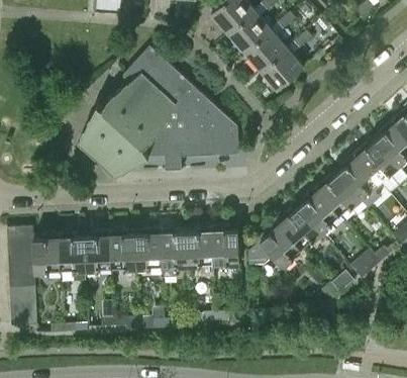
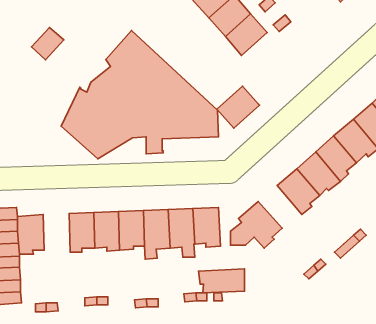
building: none -> [31,28,64,60]
building: [262,49,305,91] -> [217,86,259,128]
building: [279,204,323,248] -> none
building: [60,232,87,273] -> none
building: none -> [199,269,245,293]

